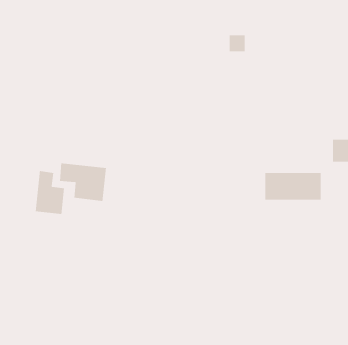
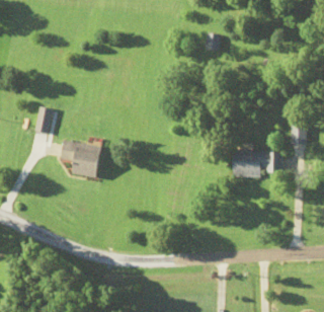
building: [35,170,65,215] -> none

